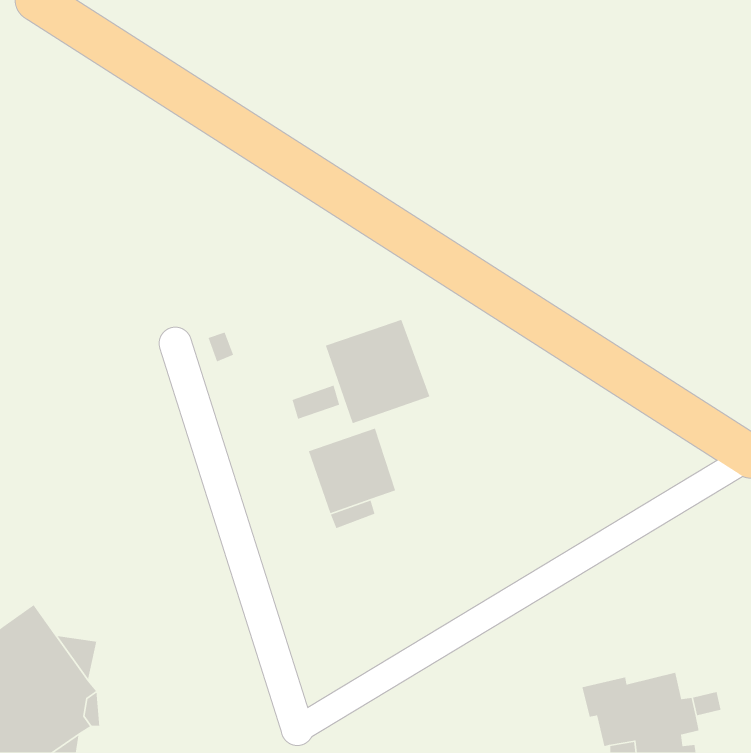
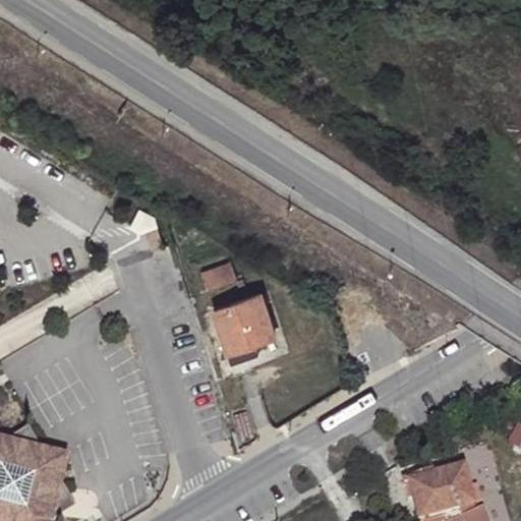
building: [325,319,431,424] -> none

